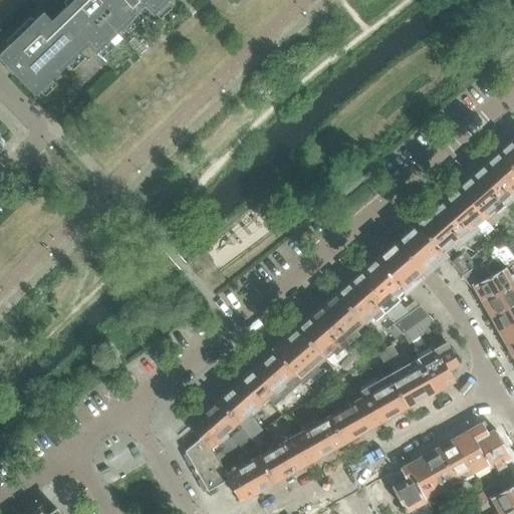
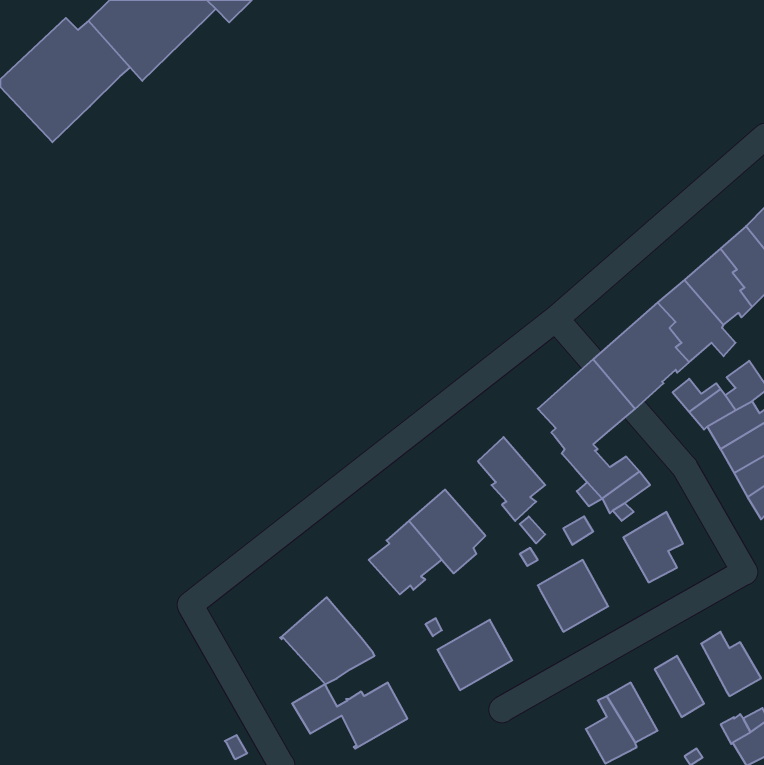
building: [338,274,387,325] -> none
building: [299,309,346,359] -> none
building: [392,360,436,407] -> none
building: [220,375,269,438] -> none
building: [329,397,378,443] -> none
building: [455,432,488,472] -> none
building: [259,436,309,482] -> none
building: [186,439,219,472] -> none
building: [424,449,458,498] -> none

